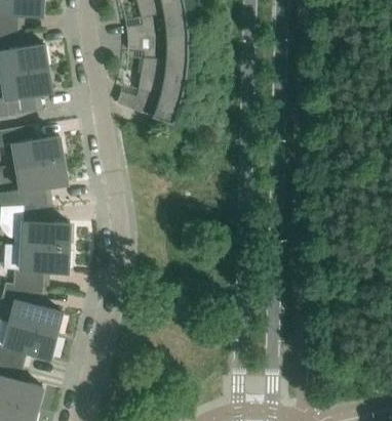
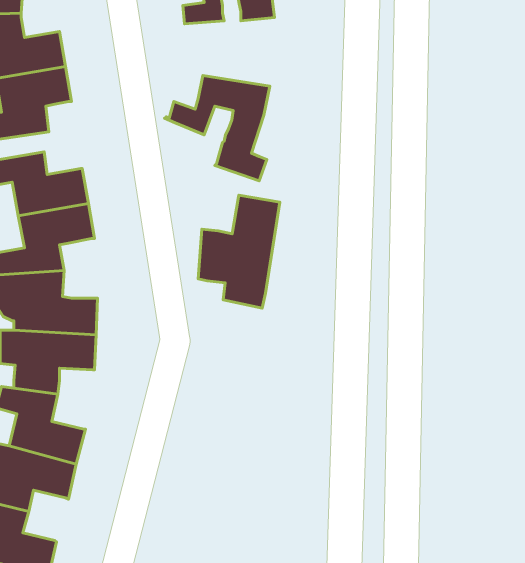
building: [128,34,189,80] -> none
building: none -> [198,195,280,308]

